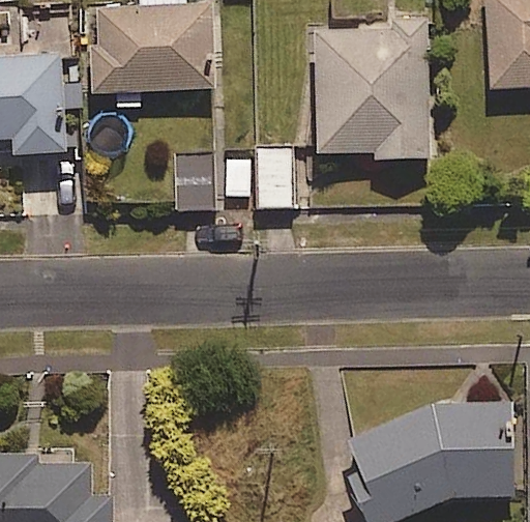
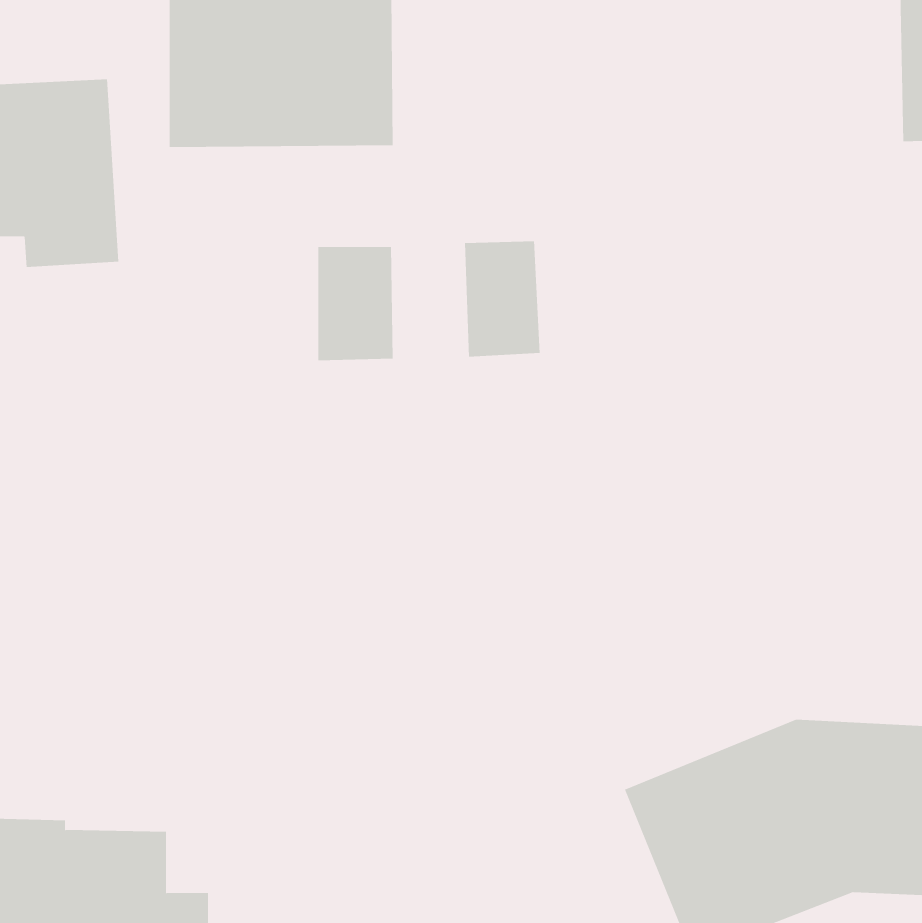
building: [313,22,430,164] -> none

